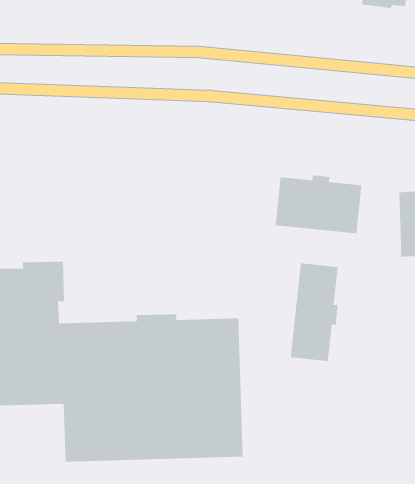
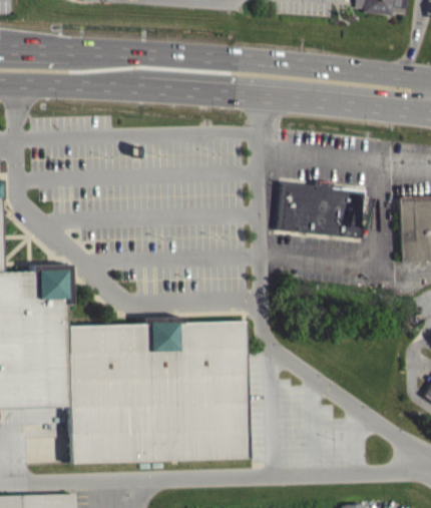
building: [290,263,338,362] -> none

